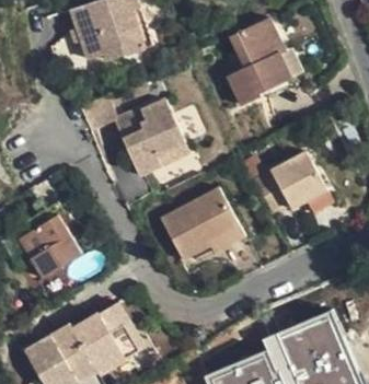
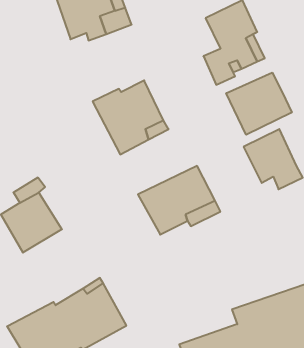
building: none -> [226,73,292,135]

